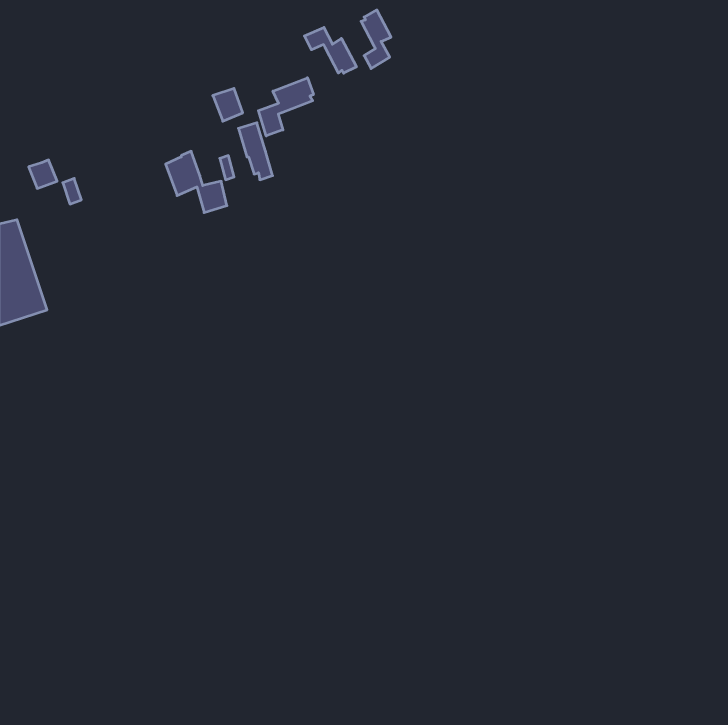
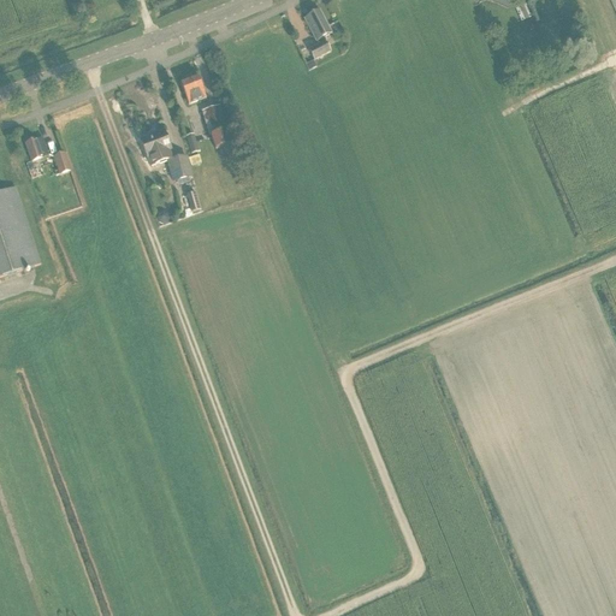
building: [304,27,356,73] -> none
building: [258,78,313,136] -> none

